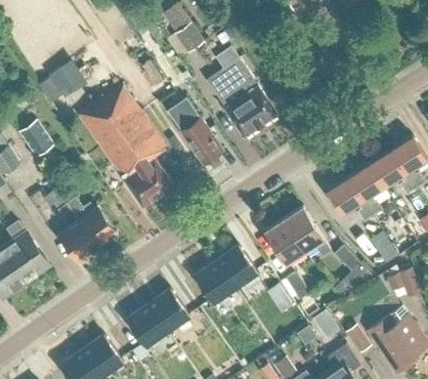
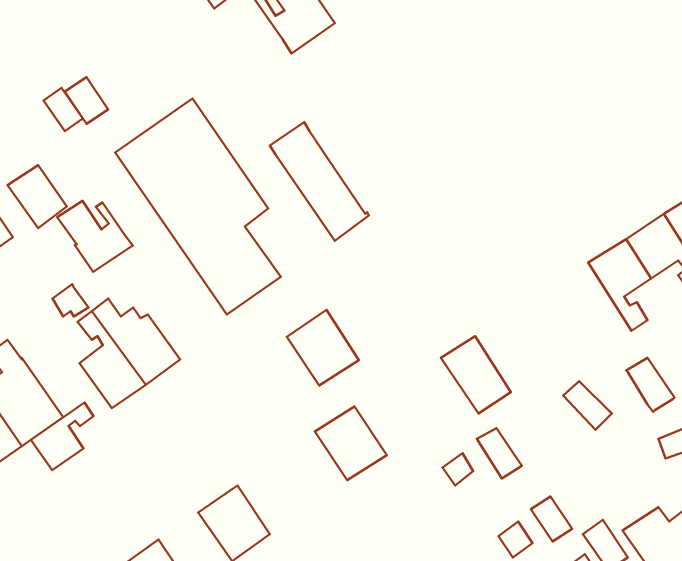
building: [208,47,277,136] -> none
building: none -> [57,201,133,272]
building: [328,177,374,222] -> none
building: [285,206,325,251] -> none
building: [216,244,257,287] -> [287,310,359,385]
building: none -> [31,402,93,470]
building: [149,289,190,332] -> none

